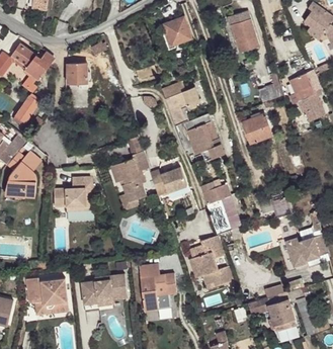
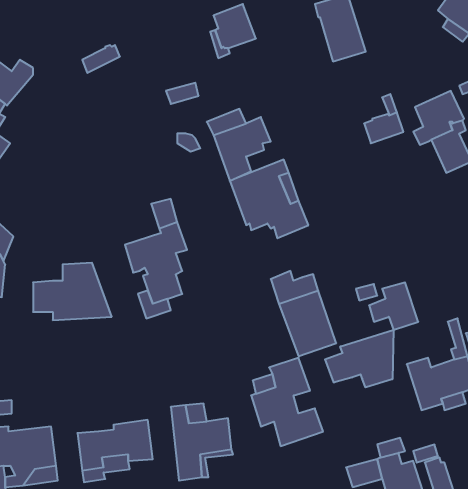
building: [67,64,90,83] -> none
building: [243,114,271,144] -> none
building: [150,167,187,196] -> none
building: none -> [325,330,394,387]

